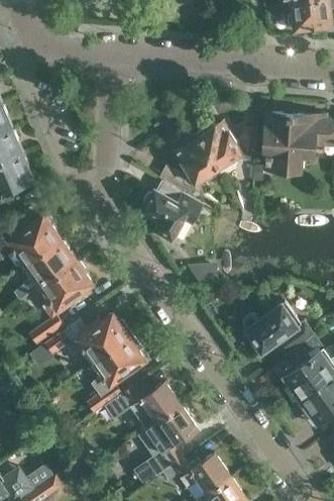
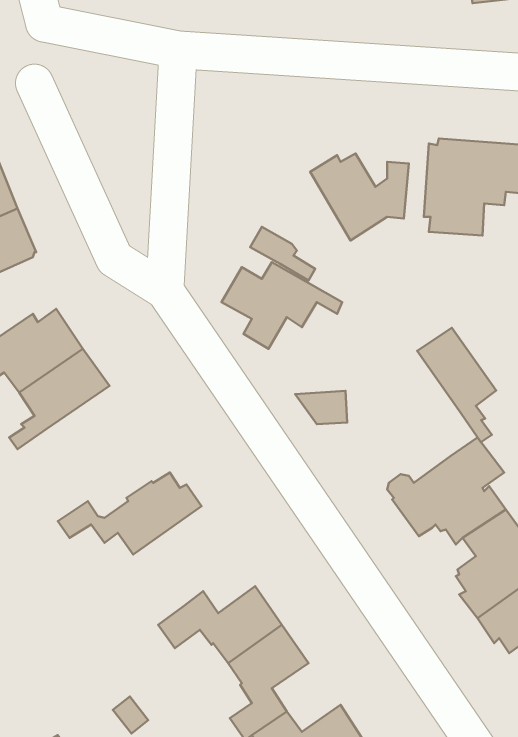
building: [176,132,221,184] -> none
building: none -> [417,328,496,442]
building: [29,262,92,345] -> none
building: [87,334,144,414] -> none

